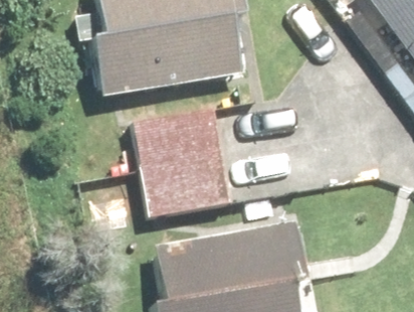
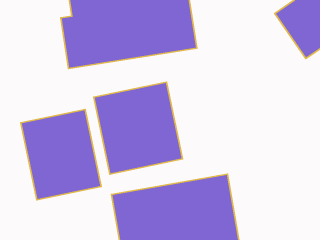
building: none -> [21,110,101,200]

